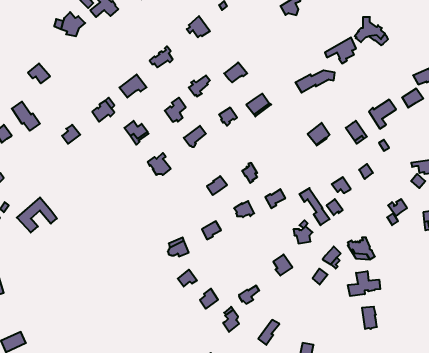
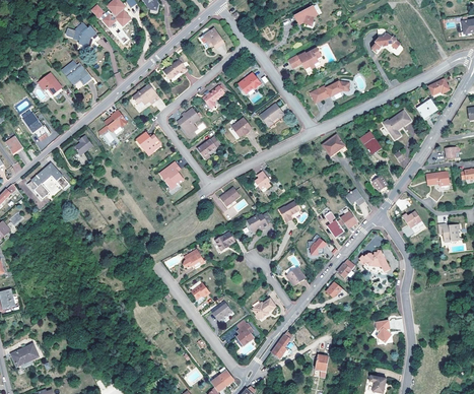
building: [325,37,356,63] -> [290,47,322,73]
building: none -> [62,60,91,84]
building: [17,197,57,233] -> [28,162,69,198]
building: [348,271,380,296] -> none

